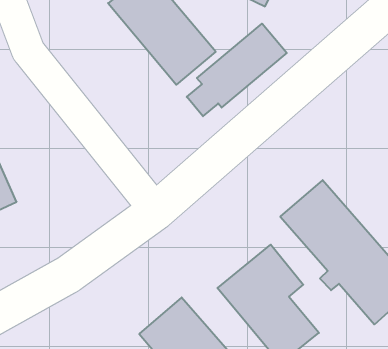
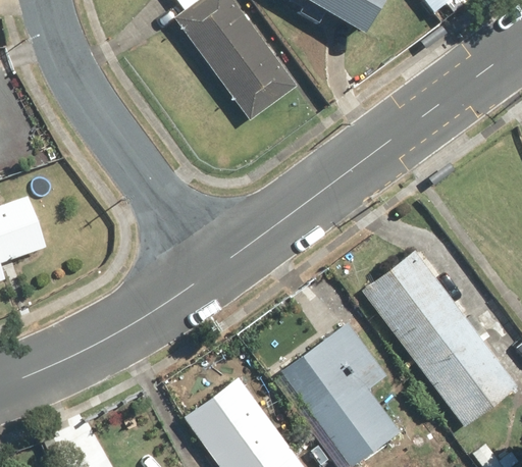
building: [187,24,287,116] -> none

